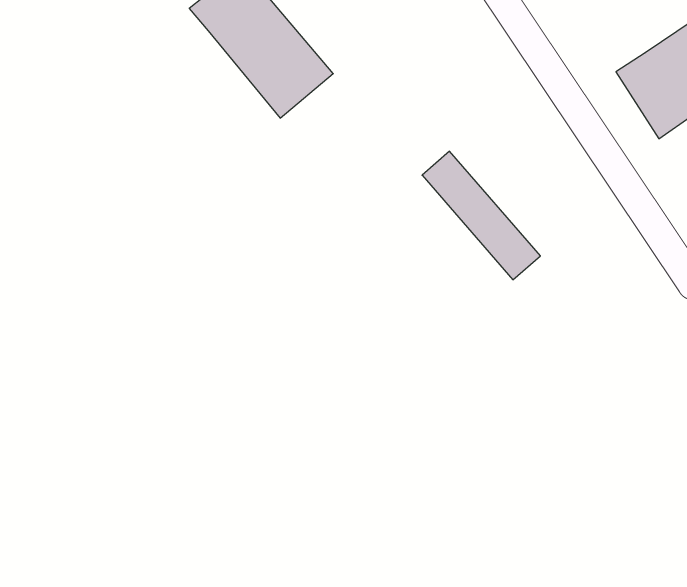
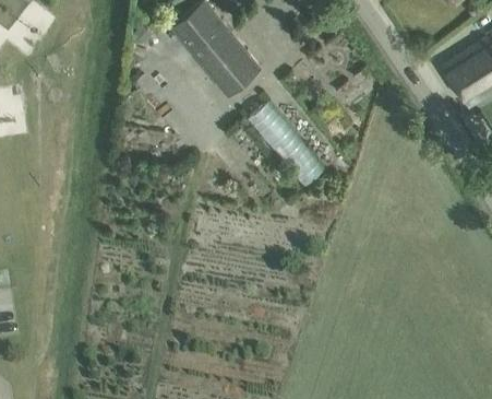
building: [422,151,540,280] -> [251,105,326,187]

